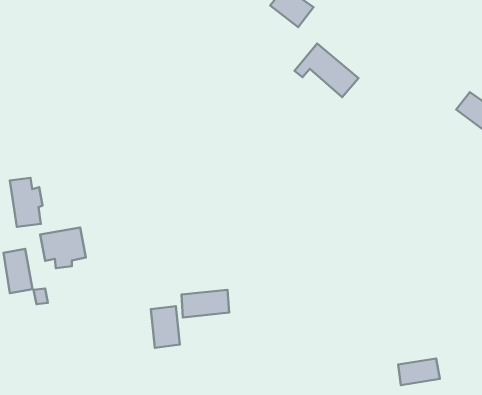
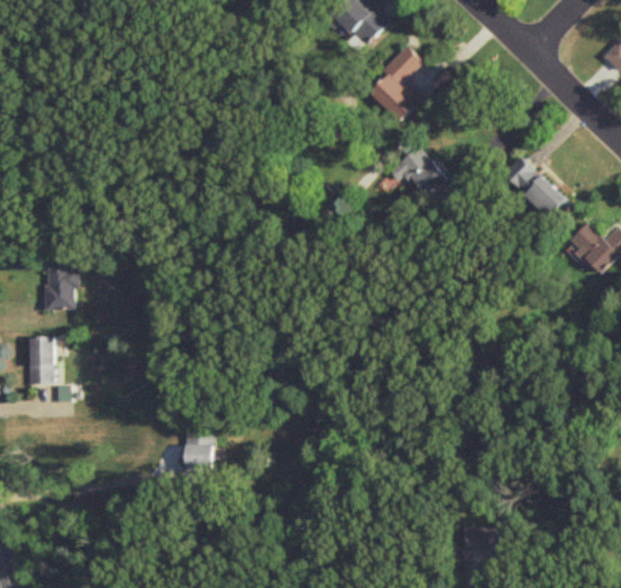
building: none -> [503,158,565,218]
building: [40,227,86,268] -> none
building: [181,290,229,317] -> none

